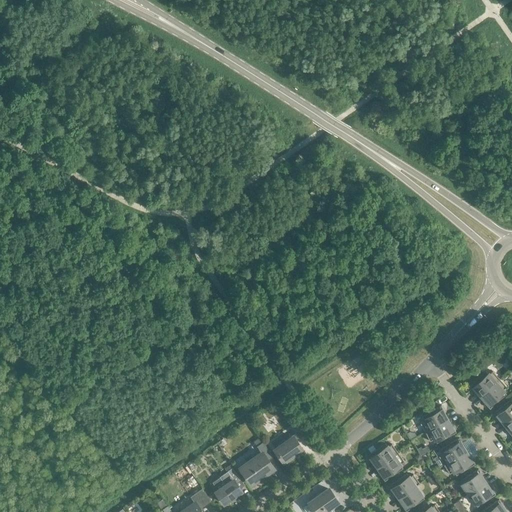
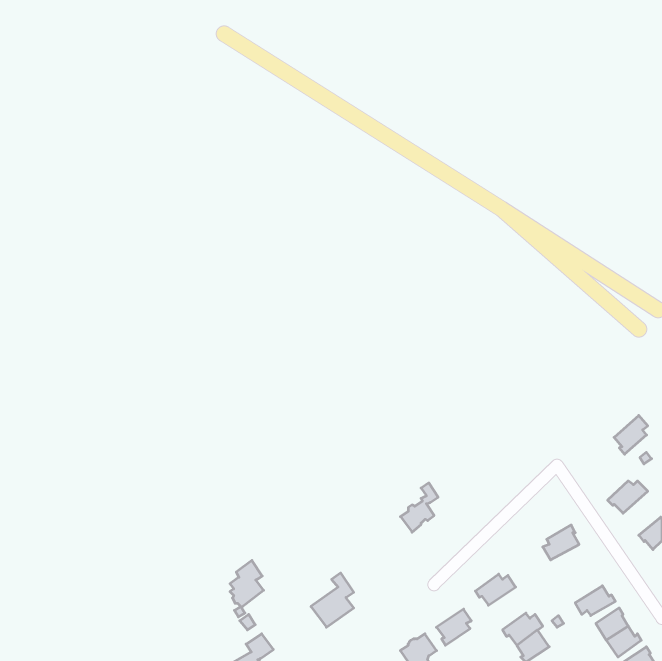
building: [481,380,507,410] -> [614,415,648,454]
building: [425,421,456,444] -> none
building: [275,425,304,463] -> [400,483,438,532]
building: [438,438,465,466] -> none
building: [377,454,404,482] -> [436,609,471,645]
building: [215,469,241,505] -> [230,560,264,607]

